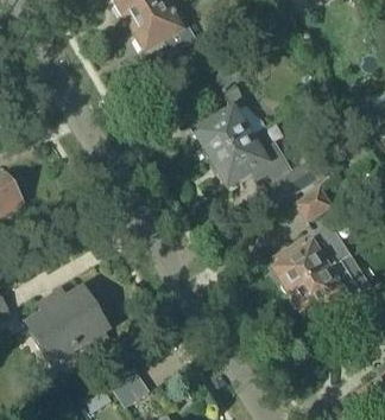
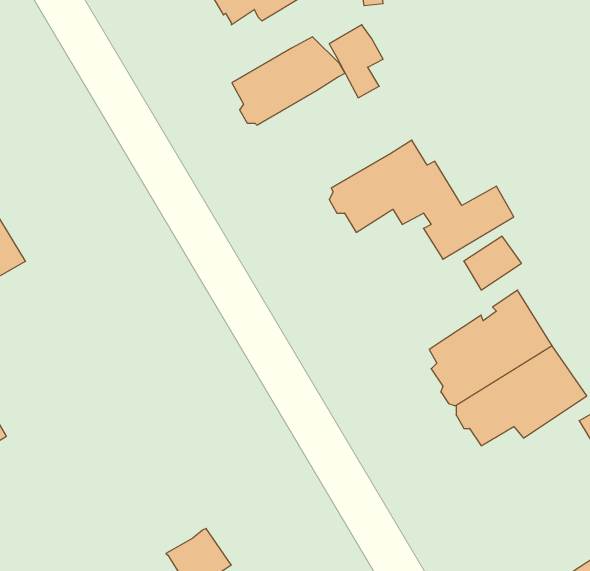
building: [196,103,266,158] -> [232,37,345,125]
building: [29,291,106,361] -> none

